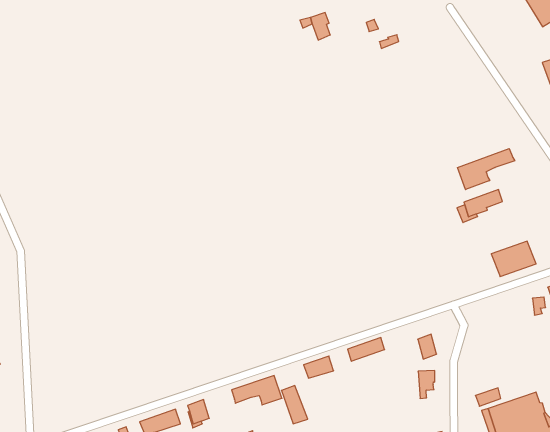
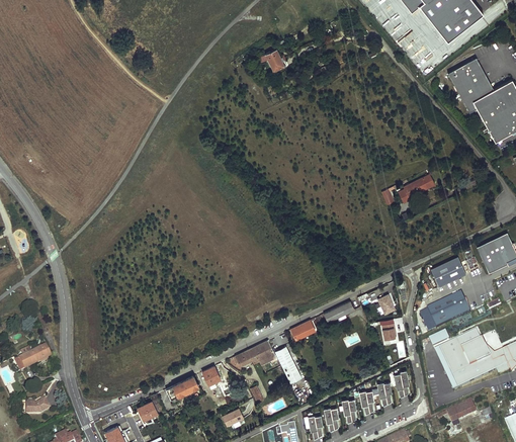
building: [458,149,515,190] -> none
building: [491,241,536,277] -> [430,256,466,286]
building: none -> [428,292,470,327]

